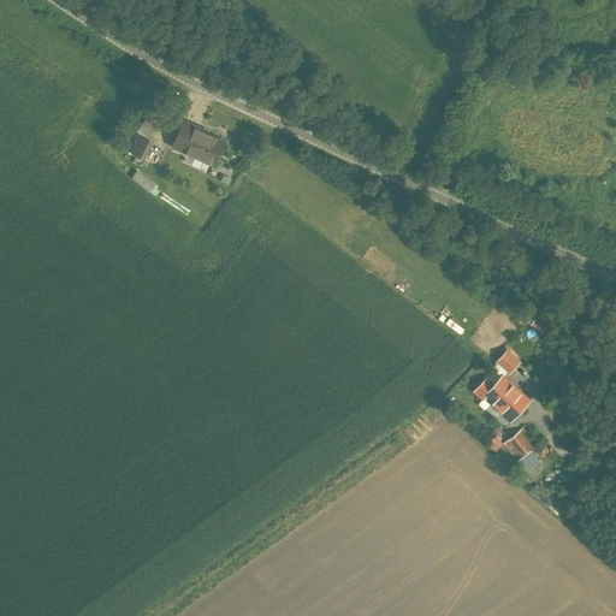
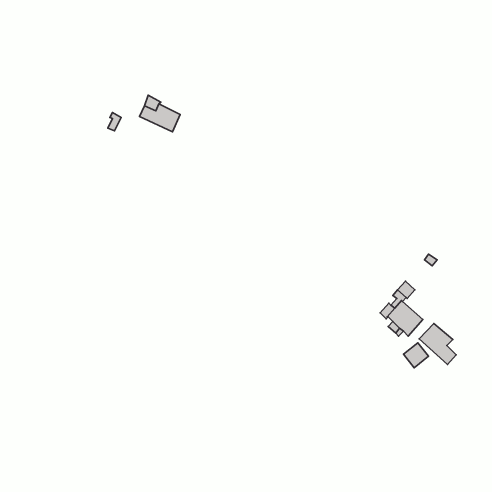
building: none -> [419,323,456,364]

